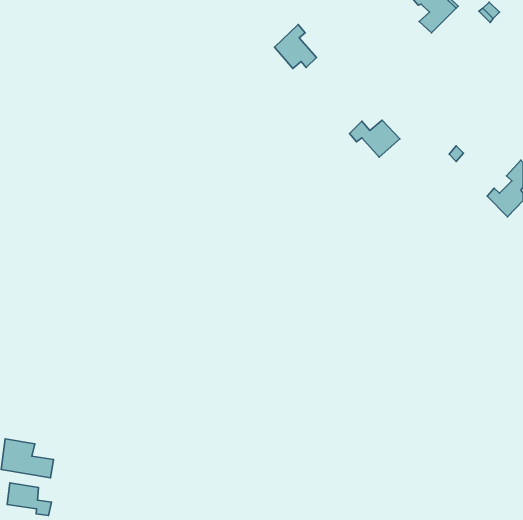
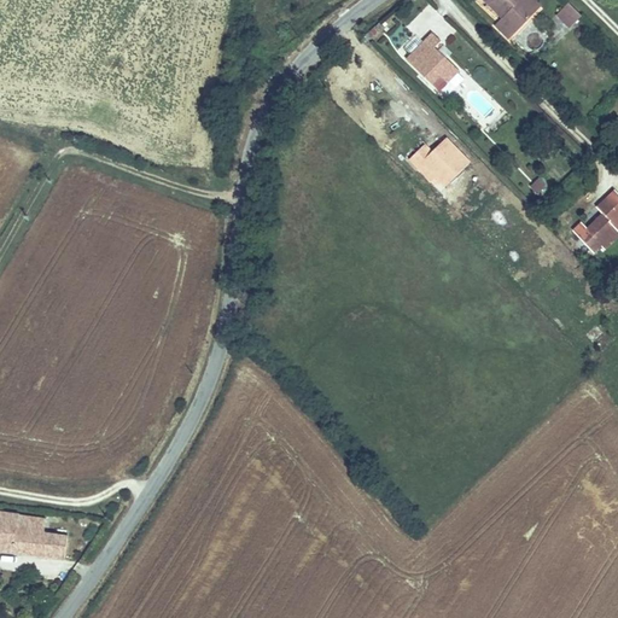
building: [274,24,317,69] -> [407,27,456,78]
building: [7,483,51,516] -> none

